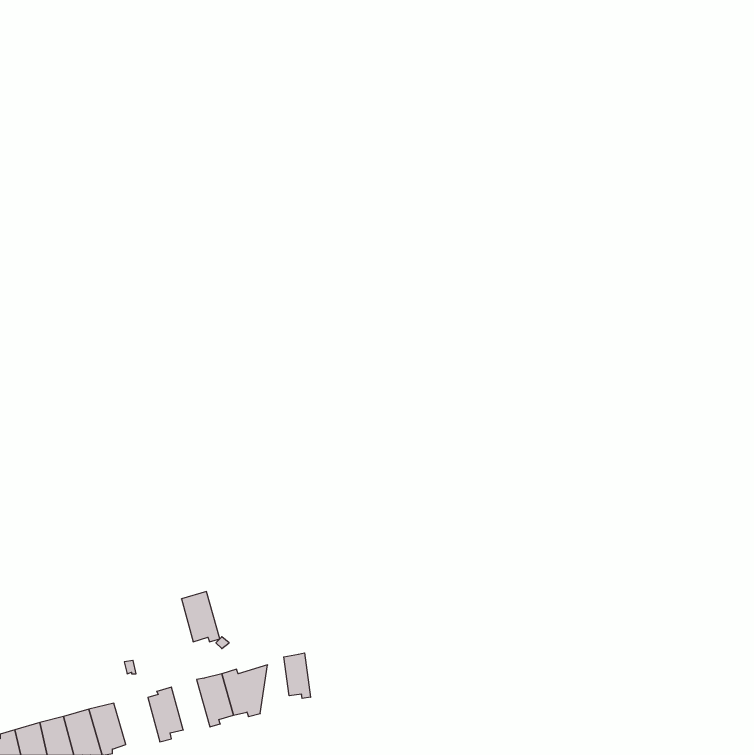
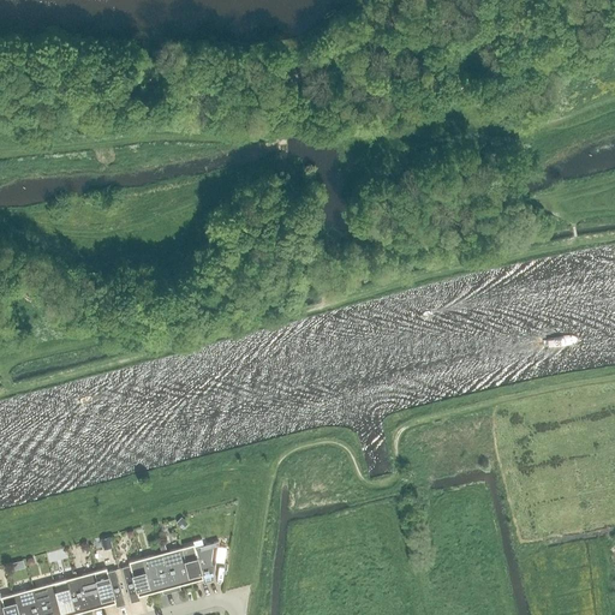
building: [181,592,220,642] -> [139,553,171,593]
building: [284,653,311,698] -> none
building: none -> [92,568,124,607]

